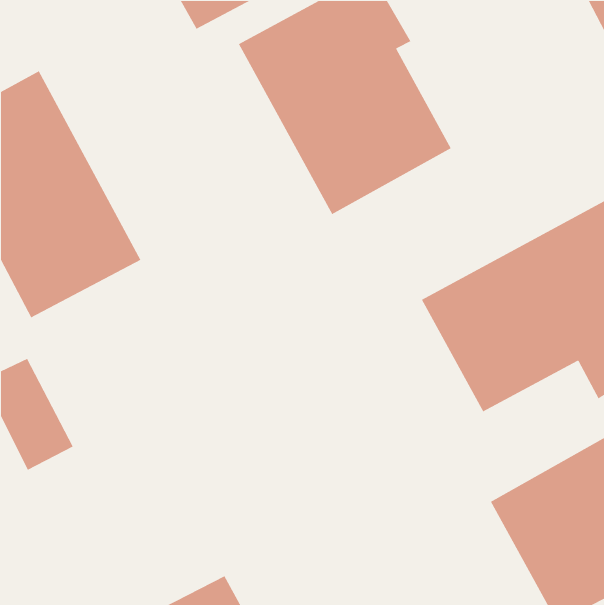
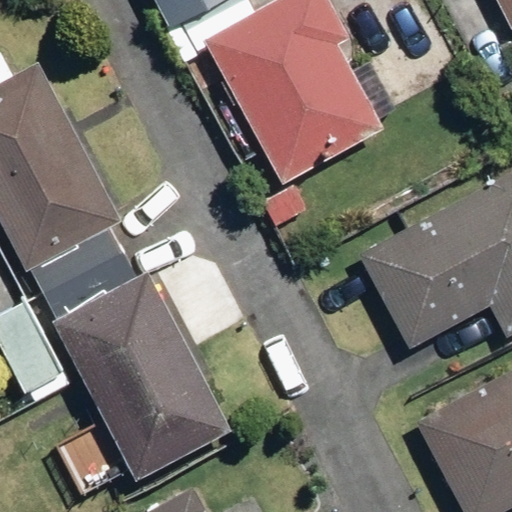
building: none -> [51,270,231,480]

